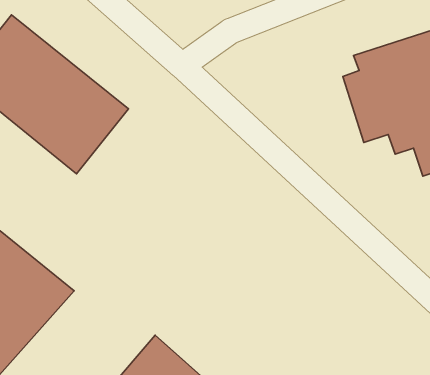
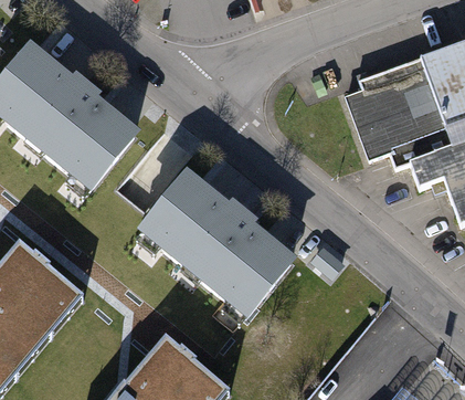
building: none -> [136,165,298,315]

